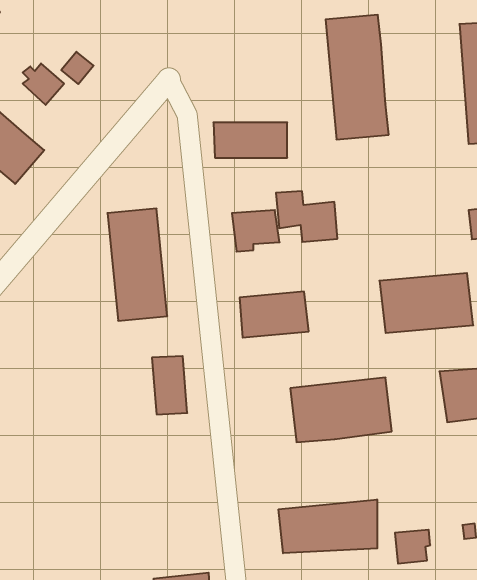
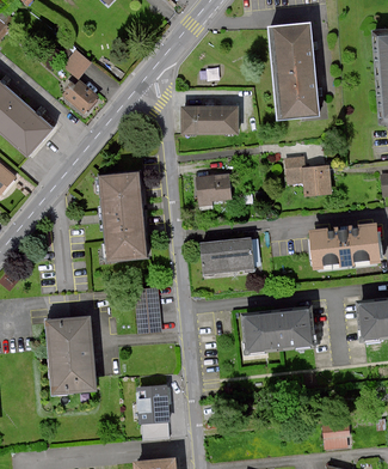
building: [23,63,64,105] -> [64,80,97,112]
building: [276,191,337,242] -> [284,156,332,195]
building: none -> [44,315,93,392]
building: none -> [137,384,171,439]
building: [279,499,377,553] -> none

